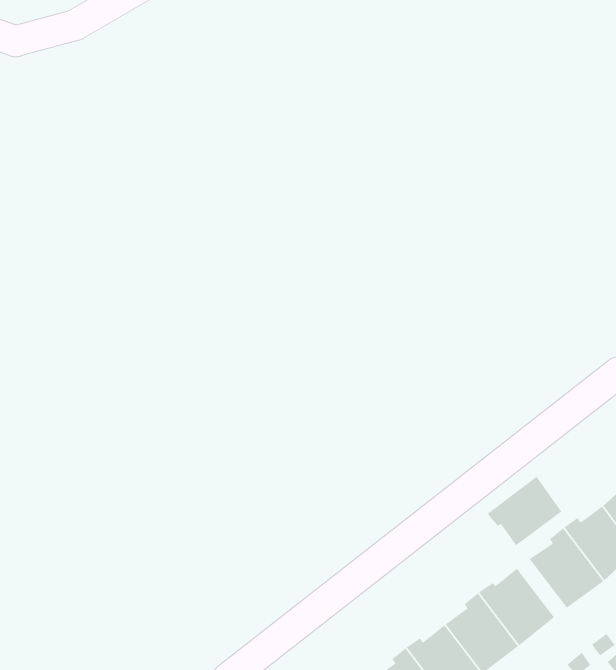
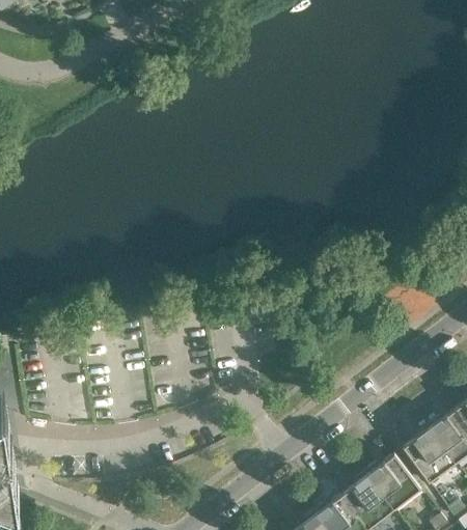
building: [487,476,562,546] -> none

